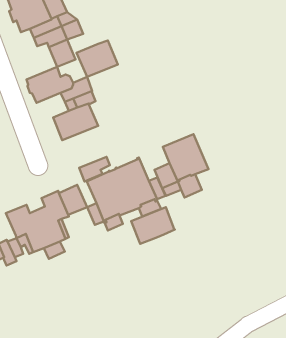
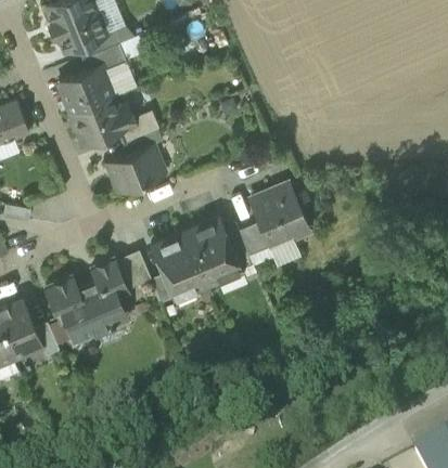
building: [76,40,118,77] -> [57,62,112,109]
building: [79,157,110,181] -> none
building: [131,207,175,244] -> none

